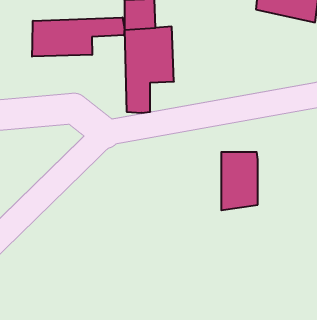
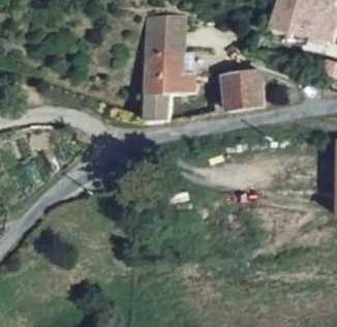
building: [32,17,124,57] -> none
building: [221,152,258,210] -> [222,64,257,120]

